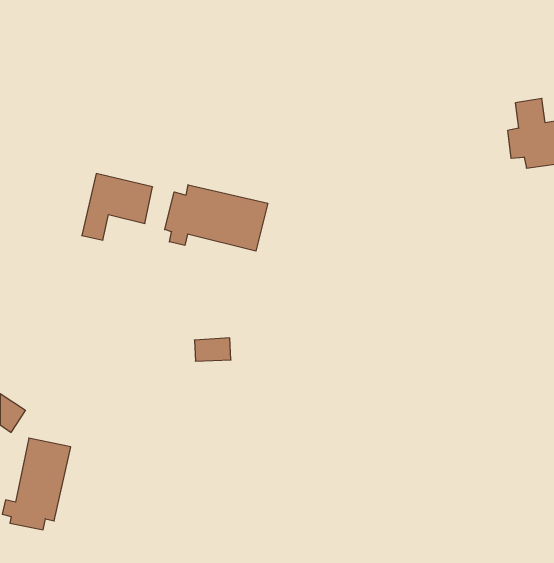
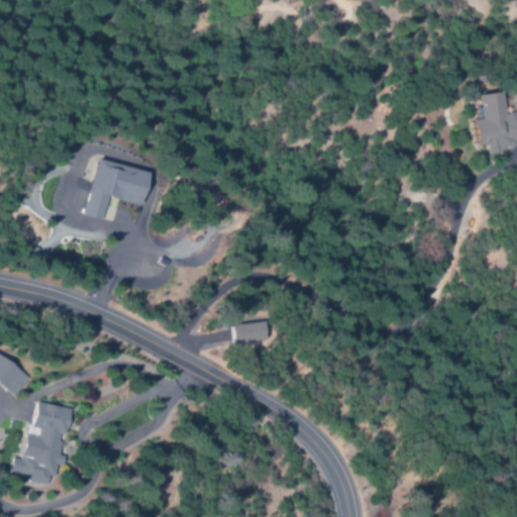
building: [165,185,268,251] -> none
building: [194,338,231,361] -> [234,321,268,342]

